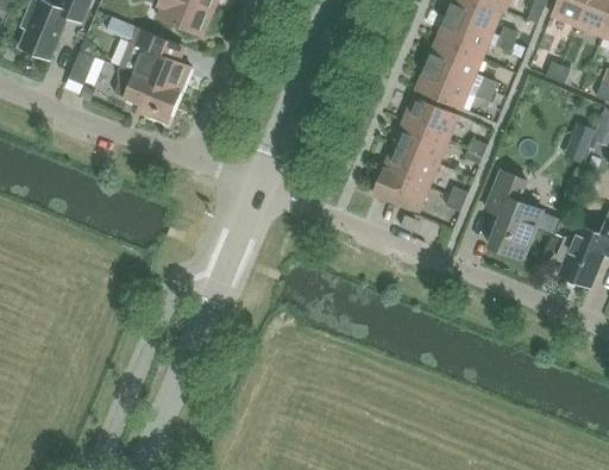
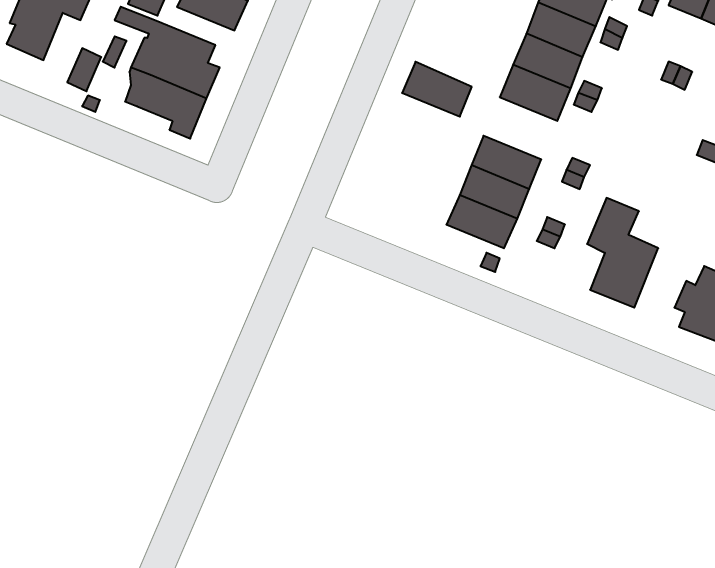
building: [402,96,458,140] -> [402,62,472,117]

